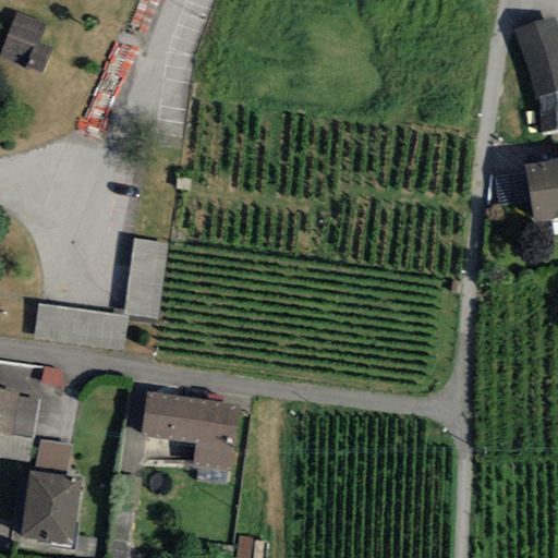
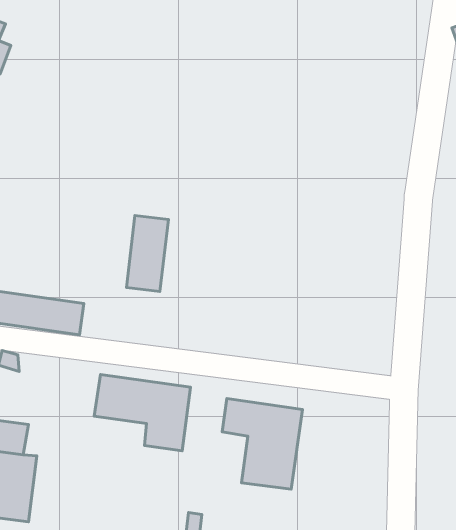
building: [124,239,168,318] -> [127,215,168,292]
building: none -> [222,398,302,489]

